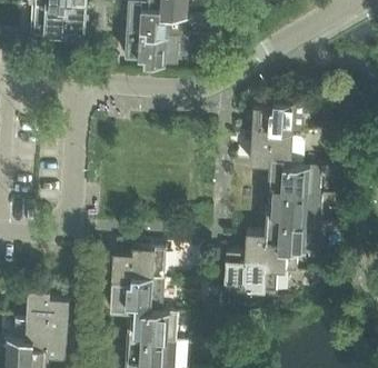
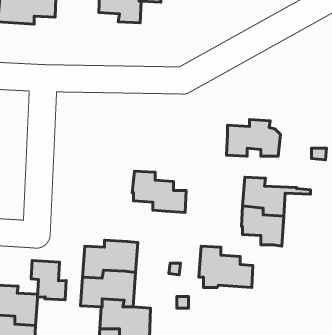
building: [125,29,177,68] -> none
building: [251,103,305,139] -> none
building: [268,160,320,198] -> none
building: [243,235,296,275] -> [132,171,186,212]
building: none -> [31,260,66,300]

